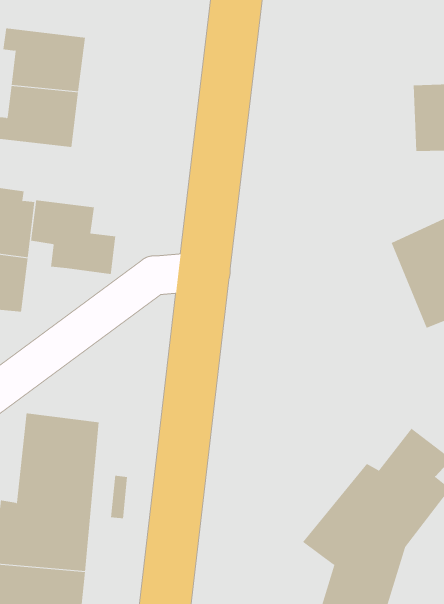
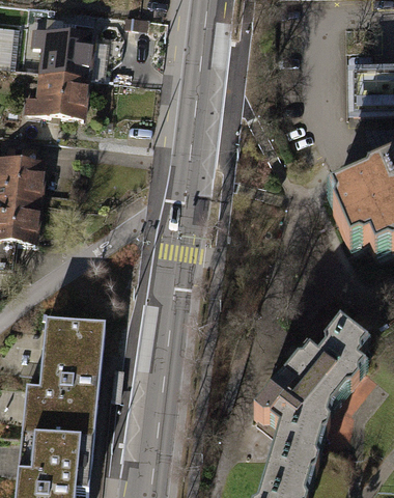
building: [31,199,116,275] -> none

